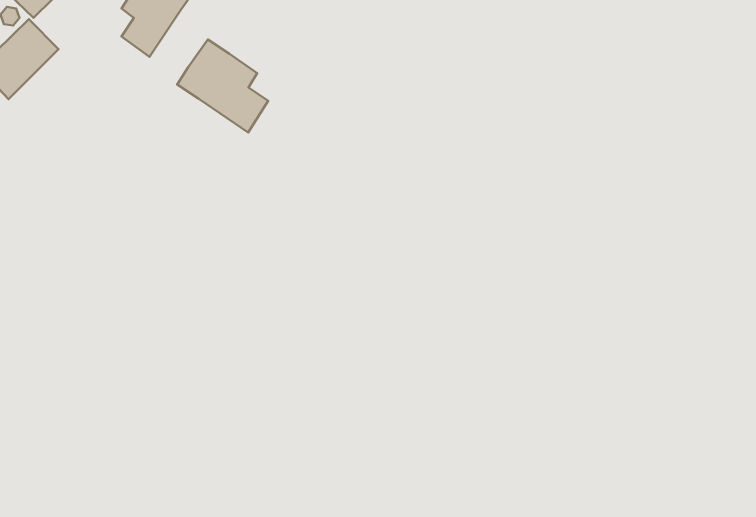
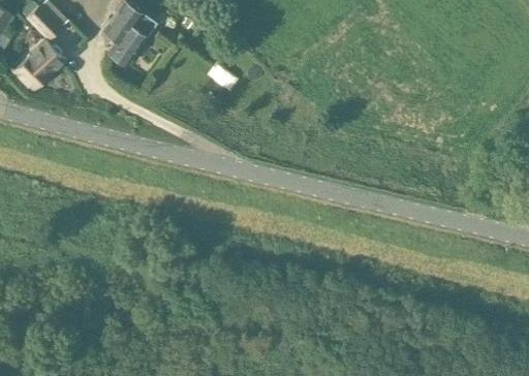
building: [177,39,268,132] -> none

